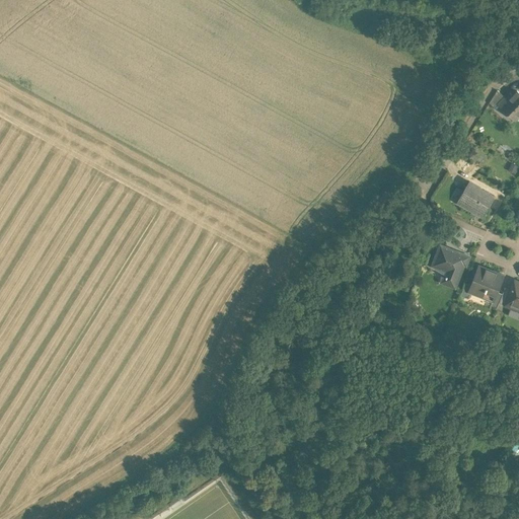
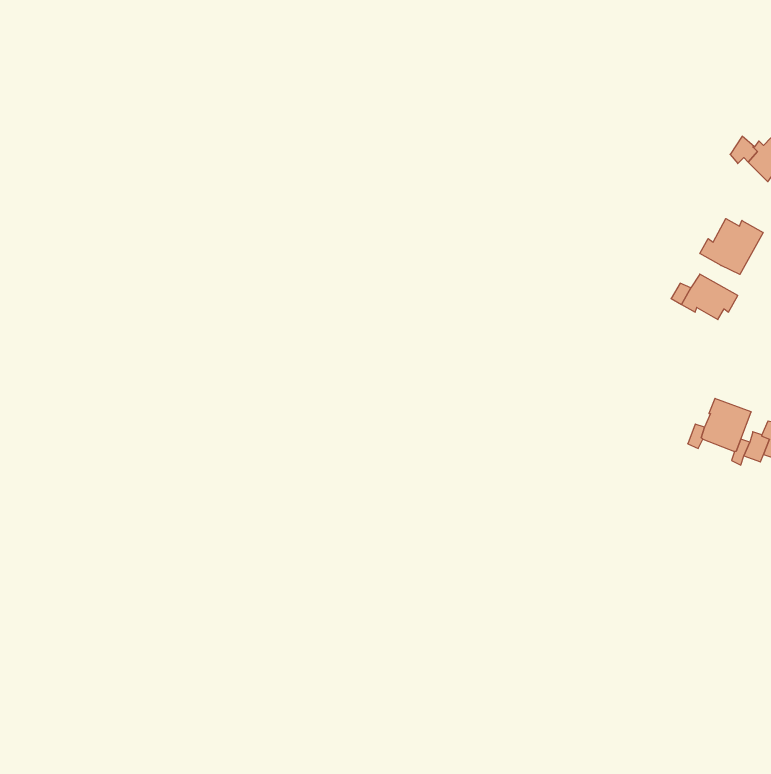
building: none -> [700,219,763,274]
building: [434,245,470,288] -> none

